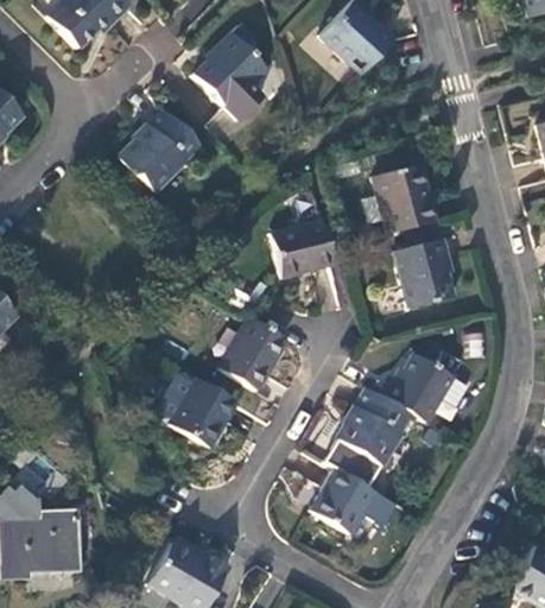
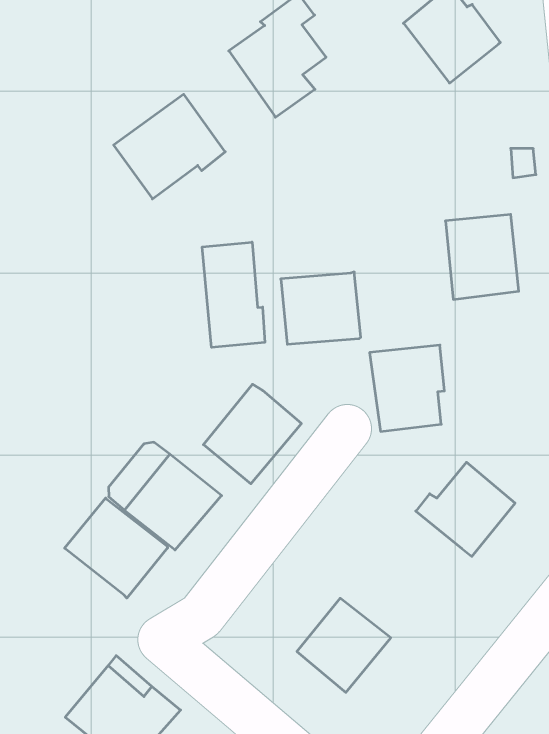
building: none -> [202,242,265,347]
building: [394,238,455,308] -> [370,345,444,431]
building: [342,388,420,466] -> none
building: none -> [65,498,168,598]

